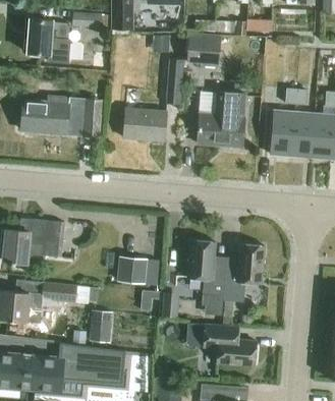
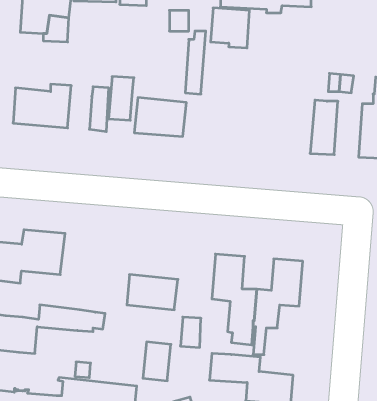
building: [198,90,246,147] -> none
building: [67,98,89,134] -> [108,77,134,120]
building: [291,111,315,158] -> none
building: [90,310,113,343] -> [143,342,171,381]

